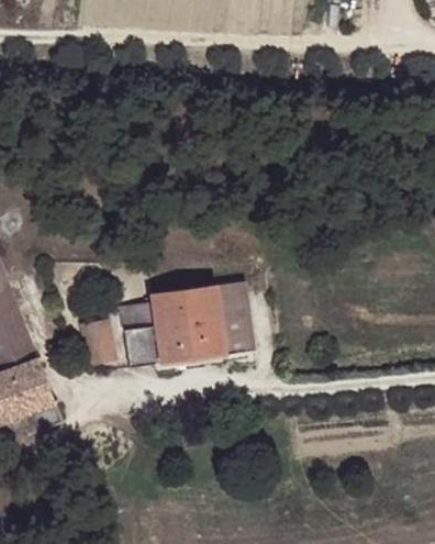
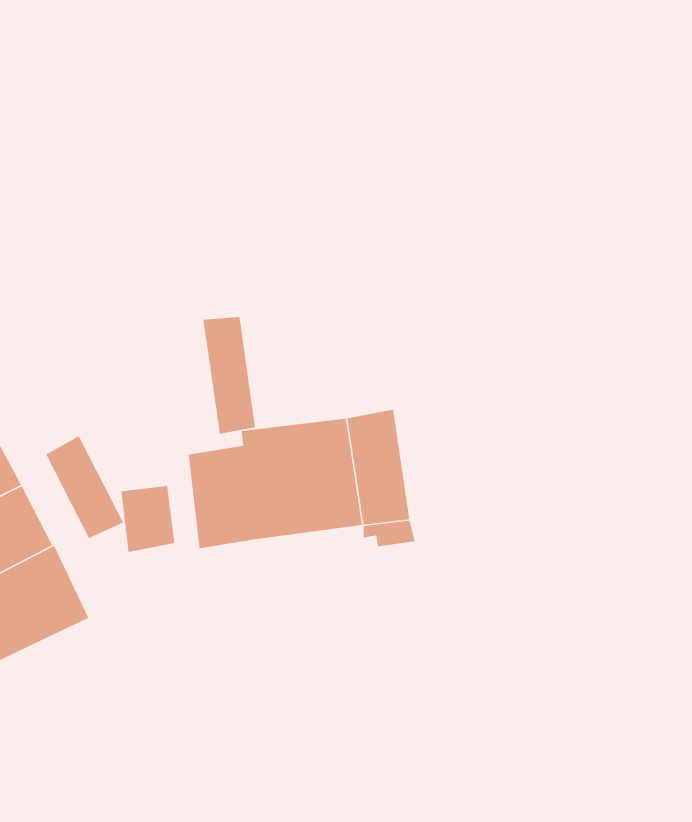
building: none -> [203,316,256,435]
building: none -> [45,435,124,539]

